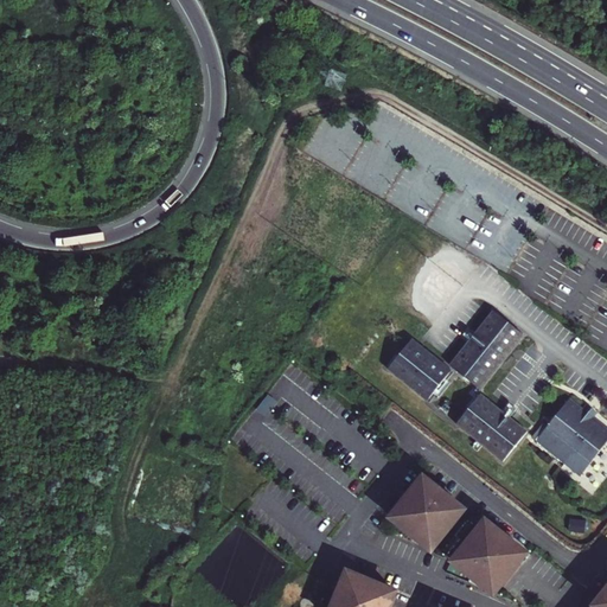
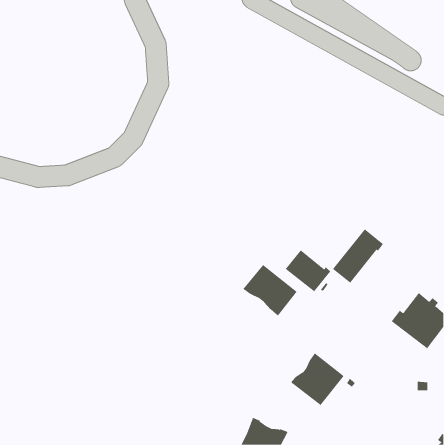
building: none -> [243,264,298,316]
building: [456,395,524,458] -> none
building: [458,522,530,594] -> none

